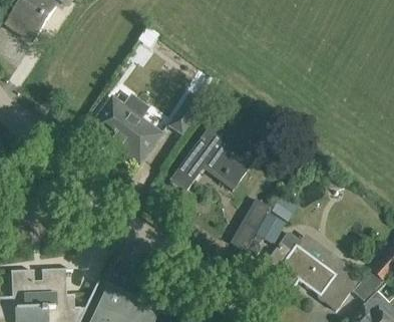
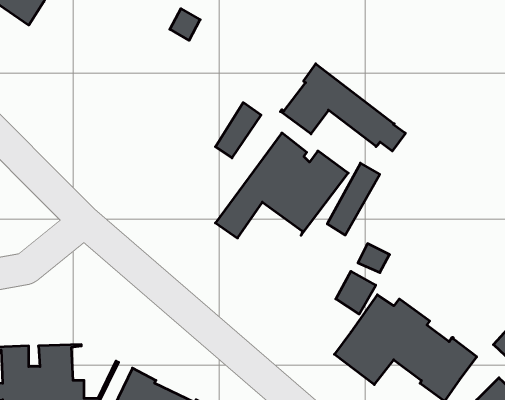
building: none -> [280,64,405,151]
building: [90,96,160,164] -> none
building: [231,199,269,251] -> [327,163,380,235]

